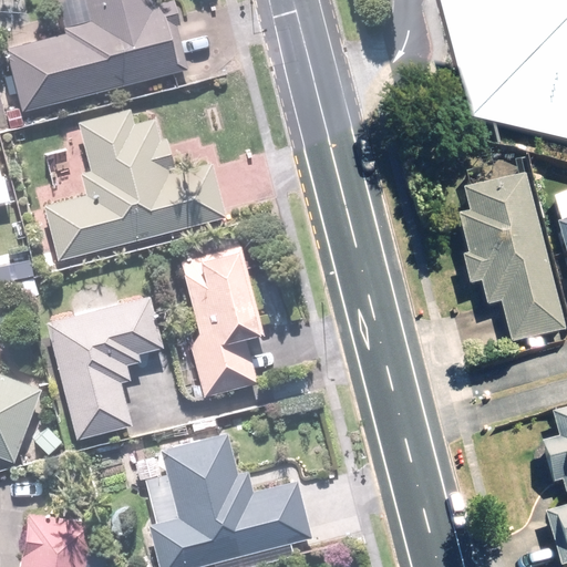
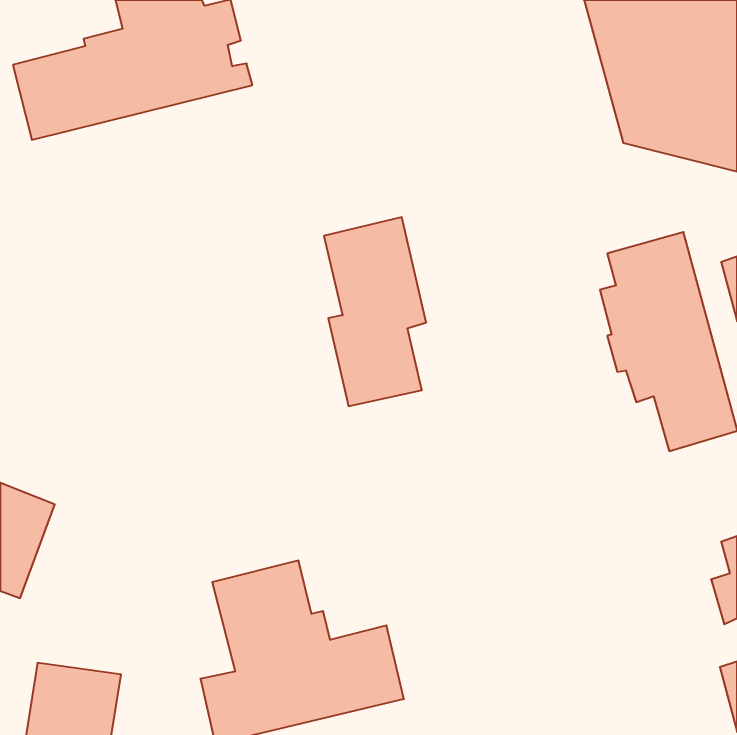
building: [40,109,226,260] -> none
building: [183,250,261,395] -> [324,217,426,406]
building: [47,295,165,436] -> none

